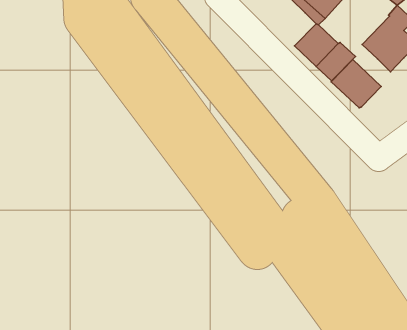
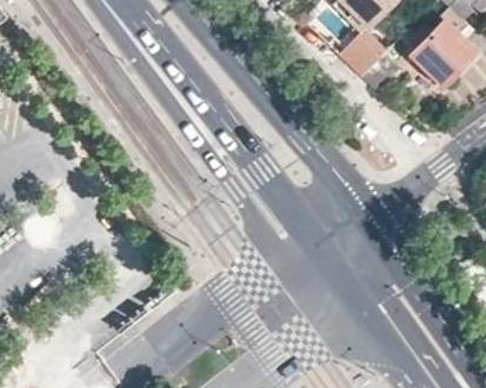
building: [331,59,381,108] -> none

